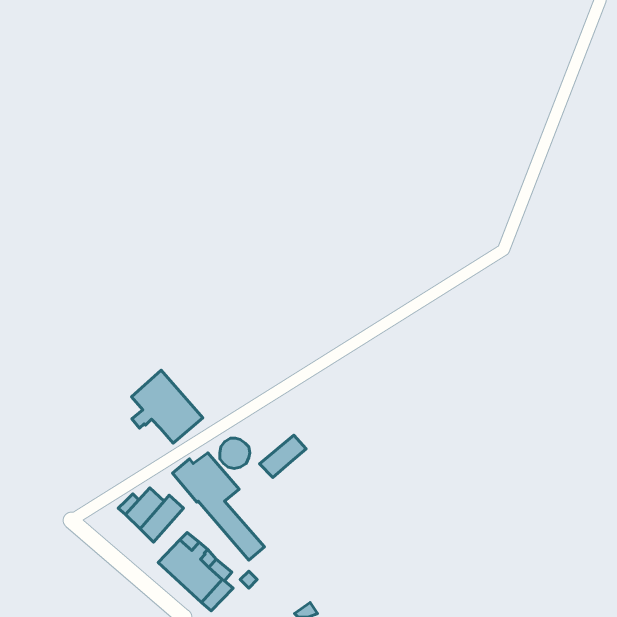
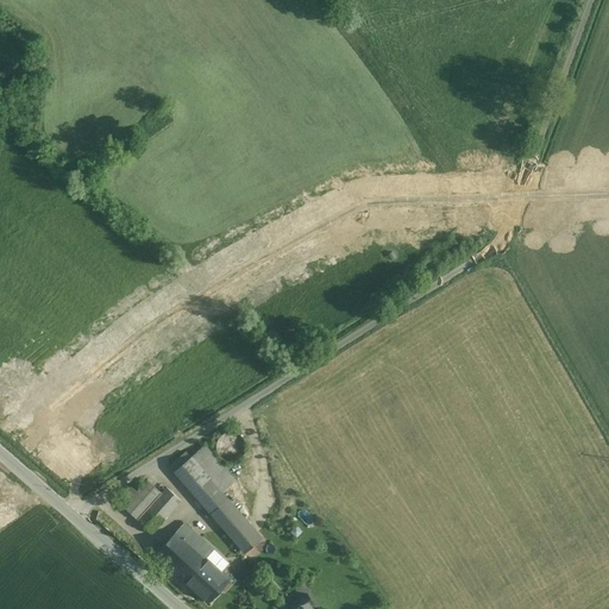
building: [131,370,203,443] -> none
building: [259,435,306,478] -> none

